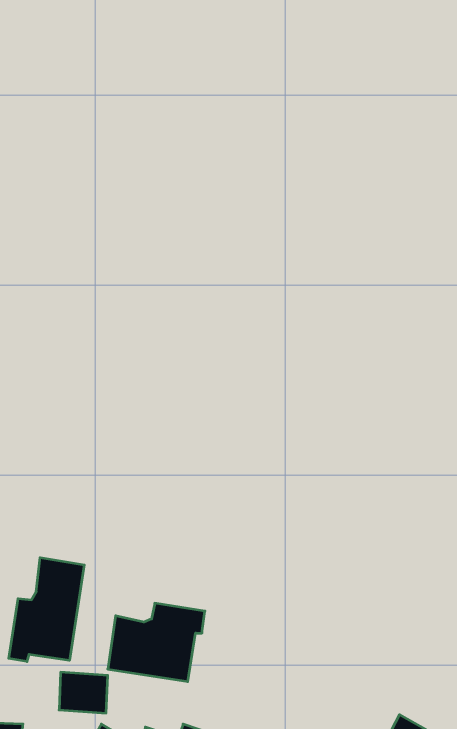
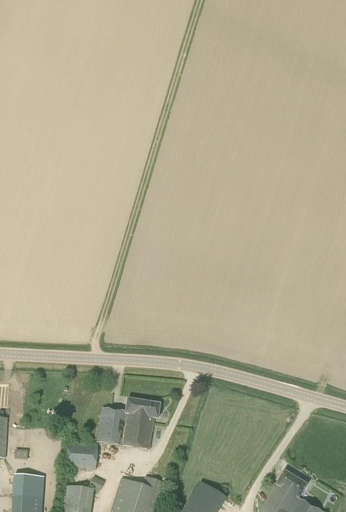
building: [9,558,84,662] -> none

